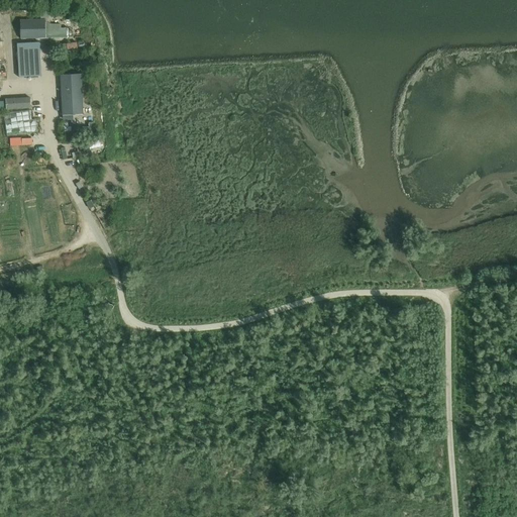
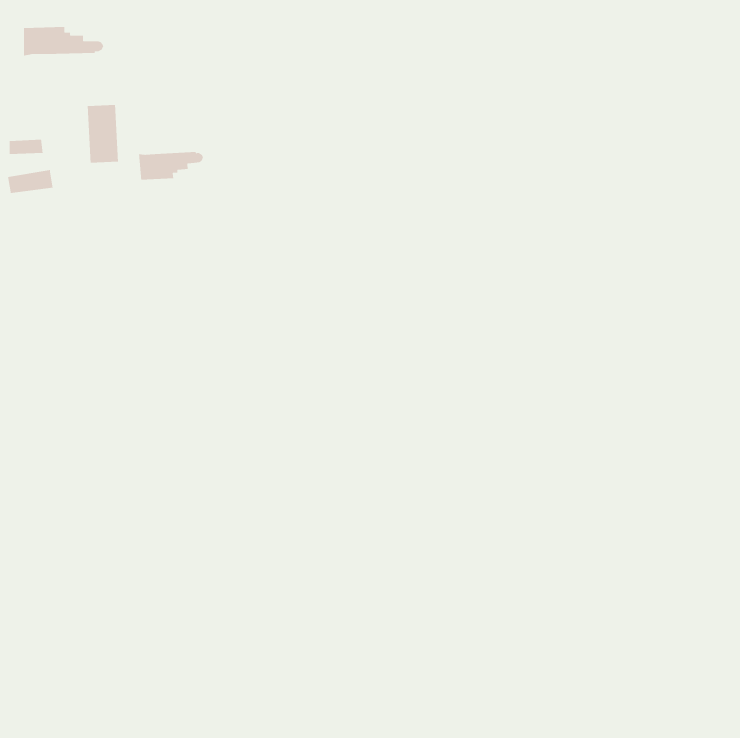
building: [17,41,41,77] -> none
building: none -> [138,151,204,181]

